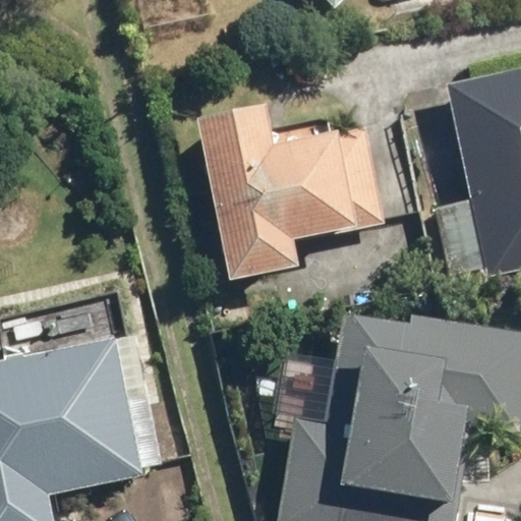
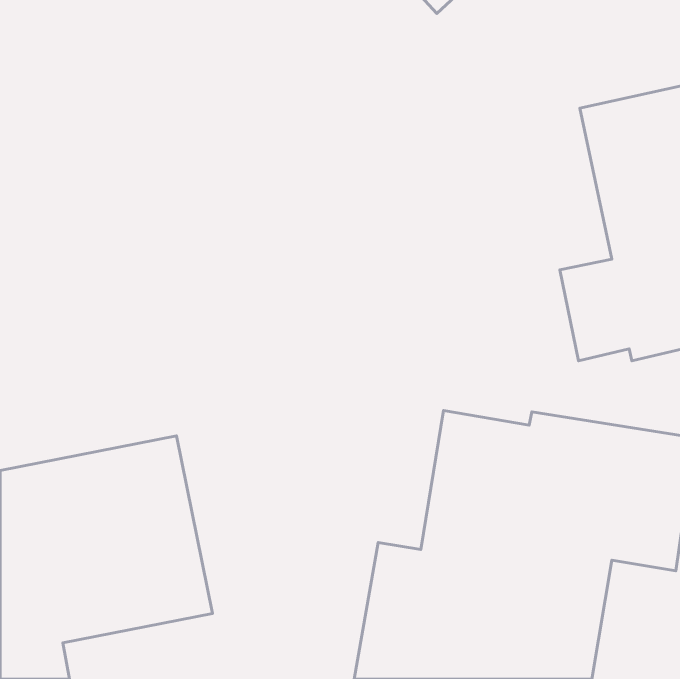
building: [197,107,382,282] -> none

